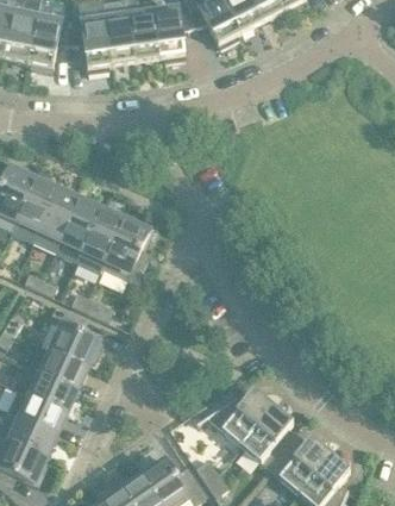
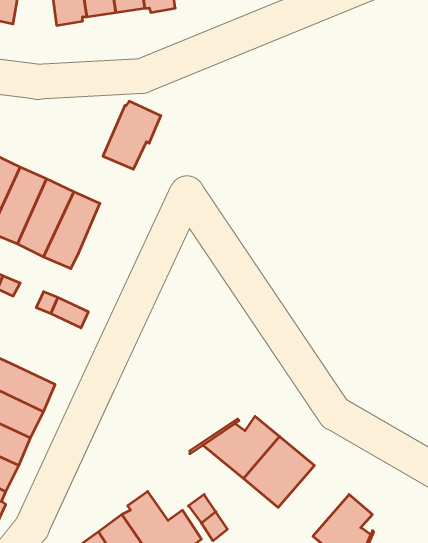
building: [105,214,152,270] -> [103,101,161,169]
building: [45,305,102,367] -> none
building: [269,433,327,492] -> none

